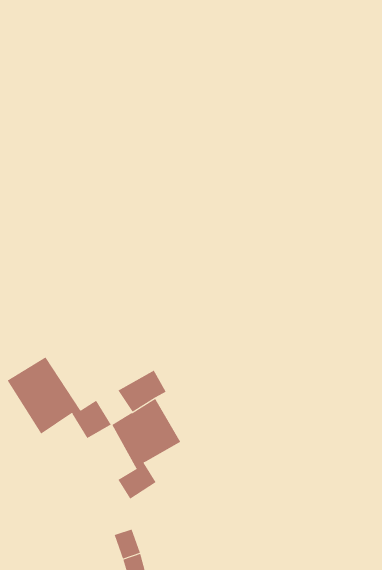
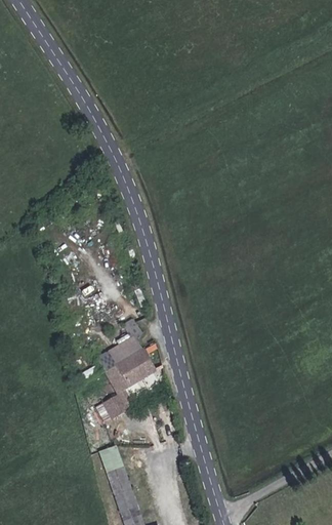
building: [7,357,111,439] -> none

